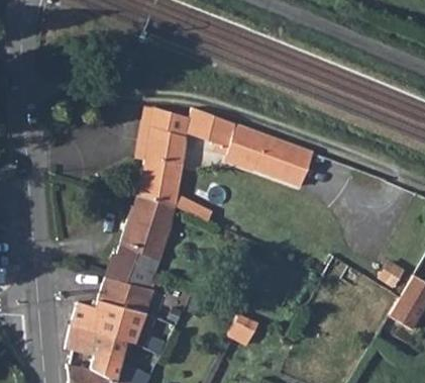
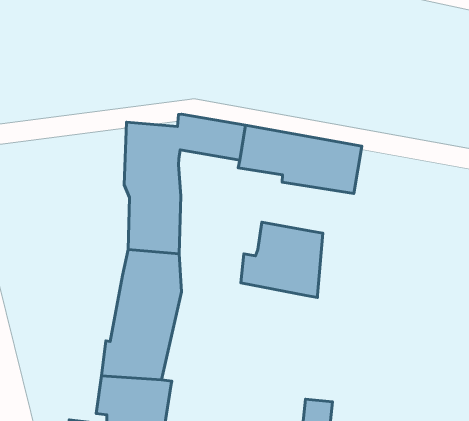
building: none -> [241,222,323,298]

